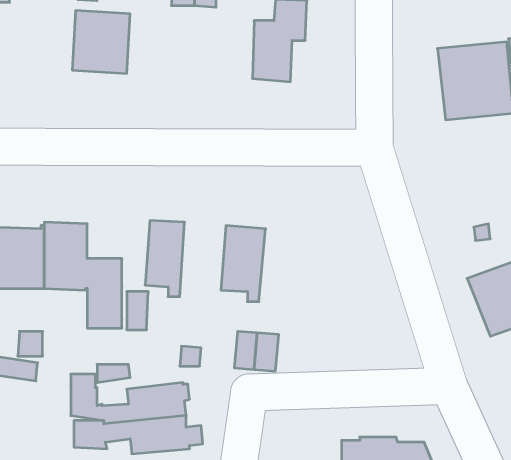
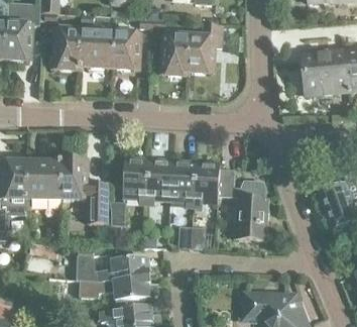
building: none -> [51,28,80,72]
building: none -> [111,29,139,70]
building: none -> [161,34,189,77]
building: none -> [143,158,171,205]
building: none -> [192,162,233,208]
building: none -> [234,181,265,240]

